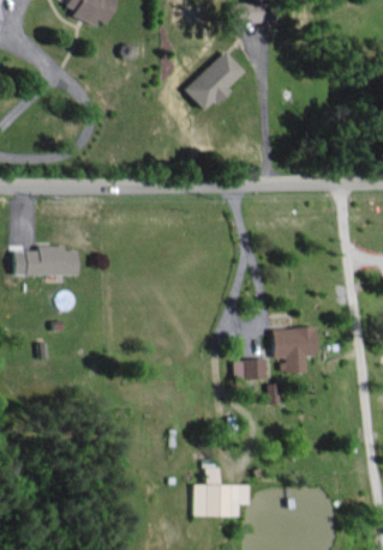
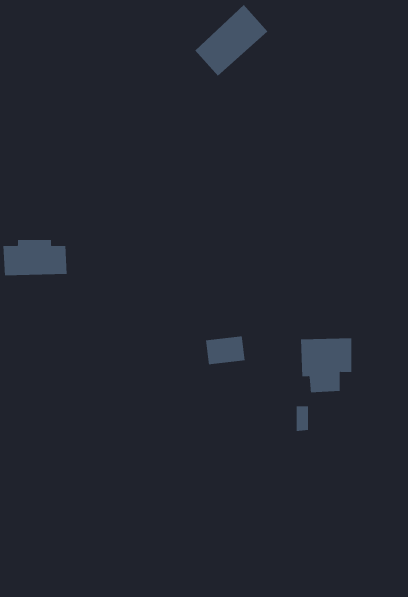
building: [234,357,268,381] -> [205,336,246,365]
building: [193,469,250,516] -> none

